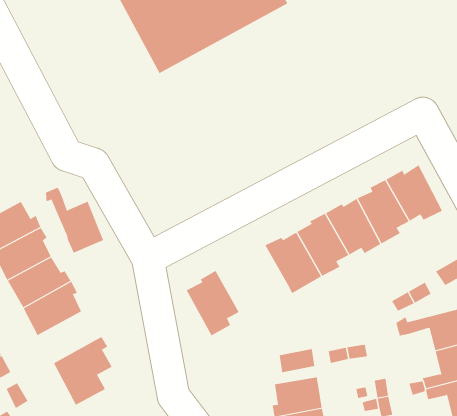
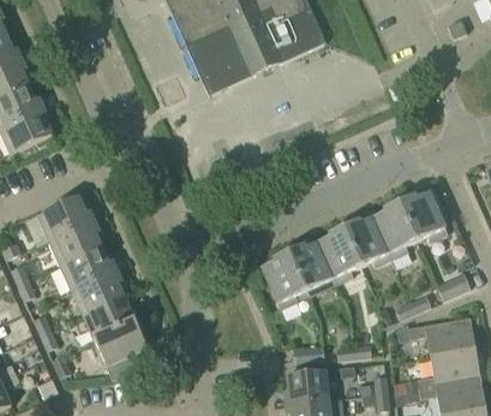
building: [46,187,104,253] -> none
building: [186,270,240,336] -> [261,251,306,309]
building: none -> [83,297,139,340]

